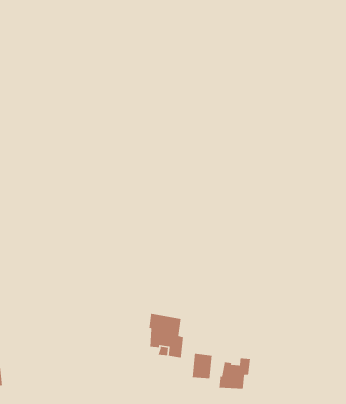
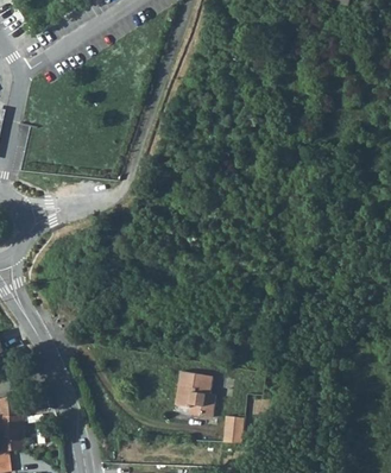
building: [219,358,251,389] -> none

